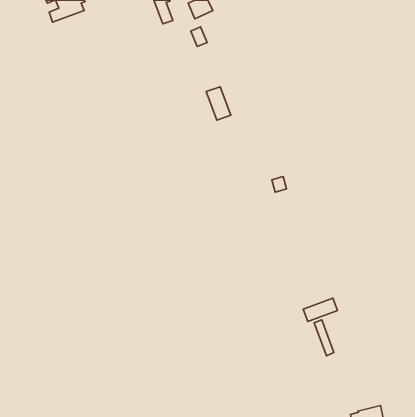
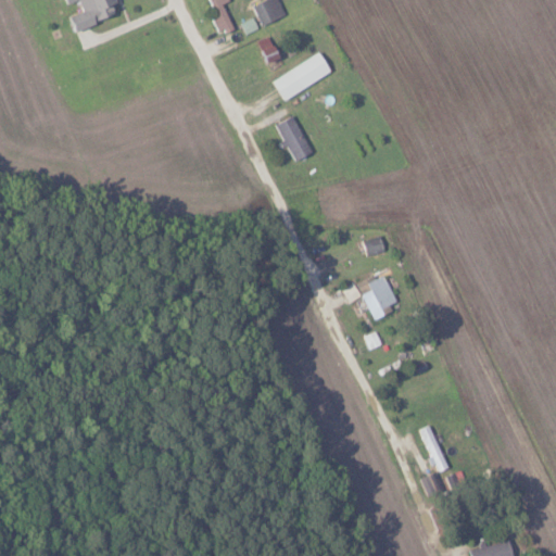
building: none -> [273,53,332,101]
building: none -> [344,275,396,320]
building: [303,298,338,321] -> none

